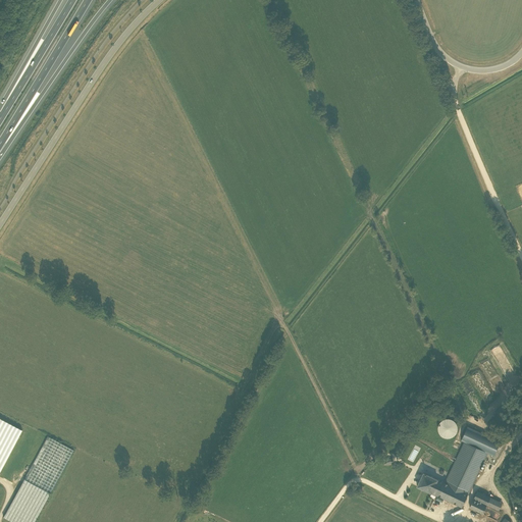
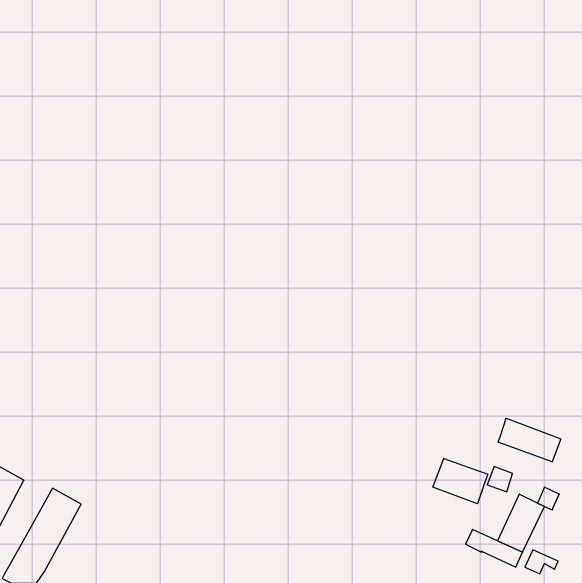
building: none -> [498,418,561,462]
building: none -> [433,458,488,504]

